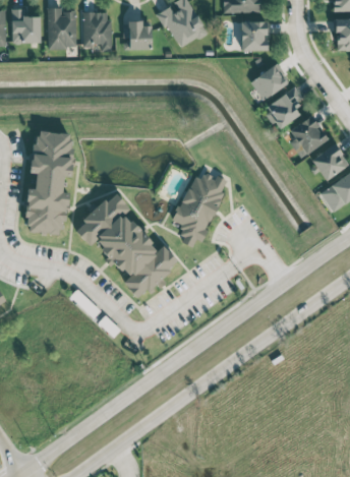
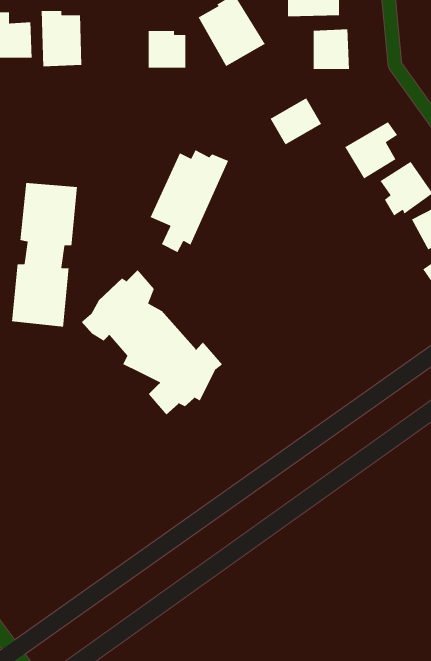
building: [82,12,111,52] -> none
building: [250,65,288,100] -> [269,97,322,146]
building: [172,173,229,247] -> [150,149,229,253]

